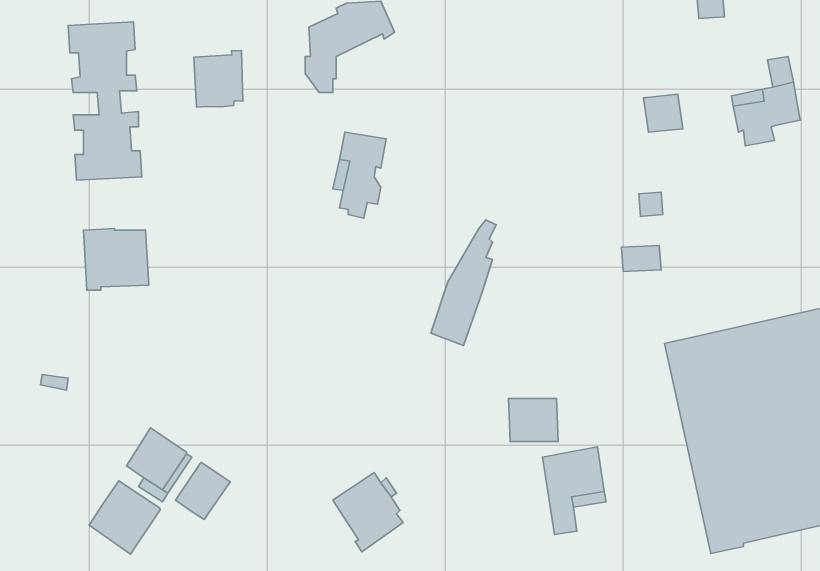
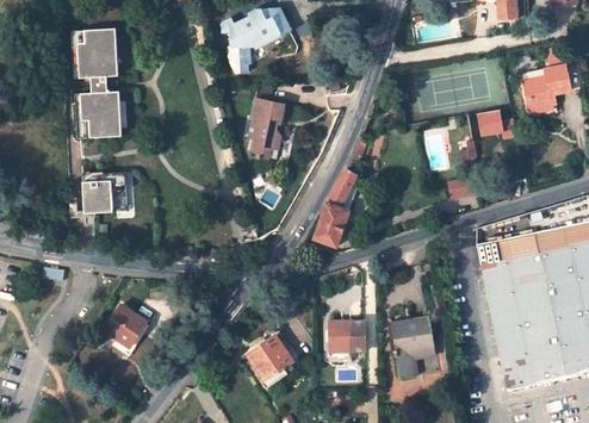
building: [194,50,243,107] -> none
building: [643,94,683,132] -> [476,108,503,135]
building: [508,398,558,441] -> [330,322,365,352]
building: [176,463,230,519] -> none
building: [89,481,160,554] -> none

